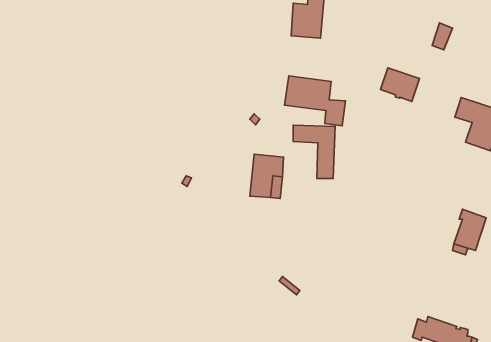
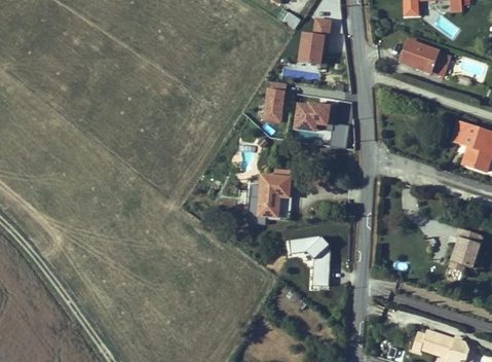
building: none -> [263,81,285,122]
building: [380,68,419,101] -> [401,40,438,72]
building: [293,125,335,178] -> [289,238,329,288]

